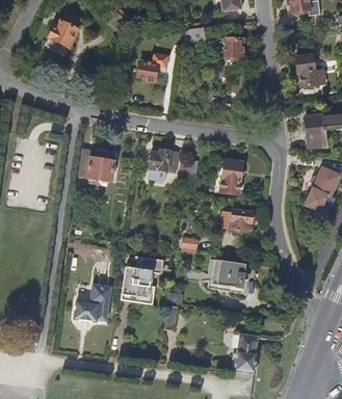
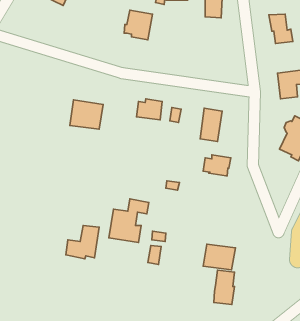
building: [218,261,254,289] -> [203,244,235,270]

